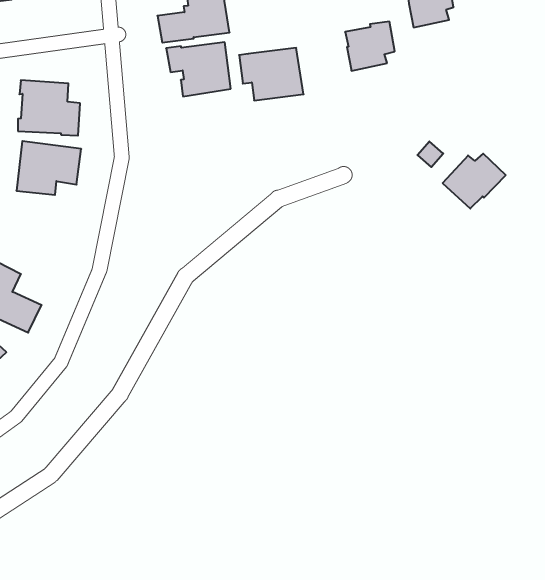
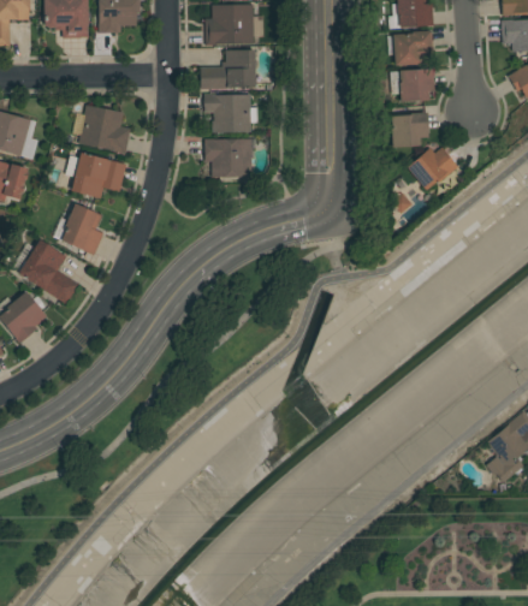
building: [345,22,395,71] -> [391,113,428,148]
building: [239,48,304,100] -> [204,139,251,177]
building: [443,154,506,209] -> [407,148,457,190]
building: none -> [60,203,103,256]

